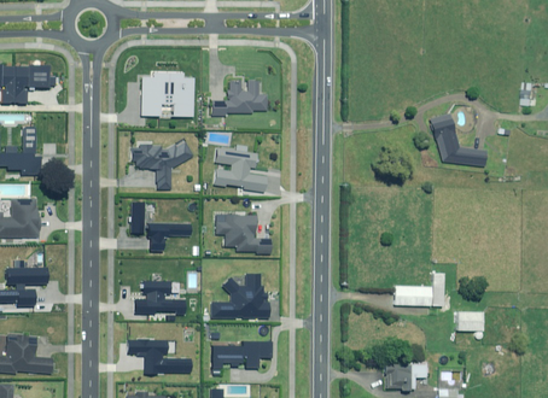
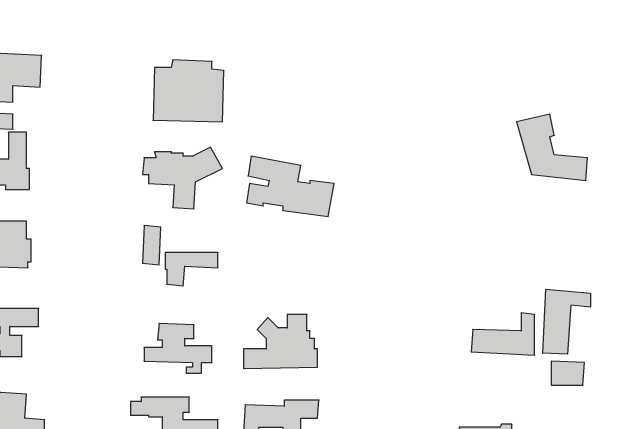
building: [210,81,266,116] -> none
building: [215,215,270,253] -> none
building: none -> [543,289,591,354]

